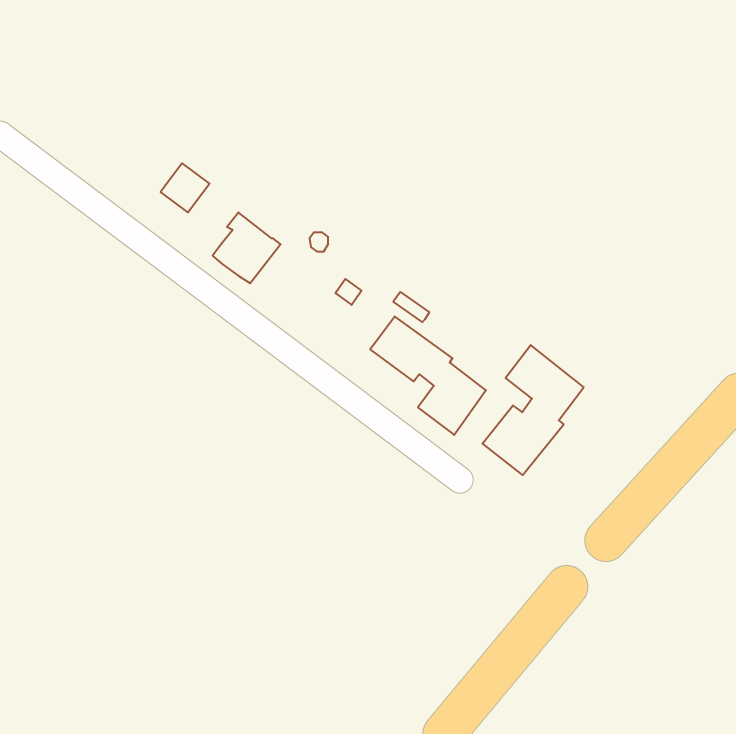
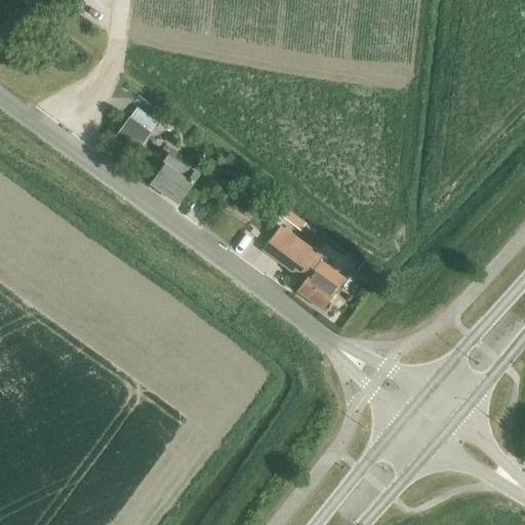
building: [482,345,584,475] -> none

